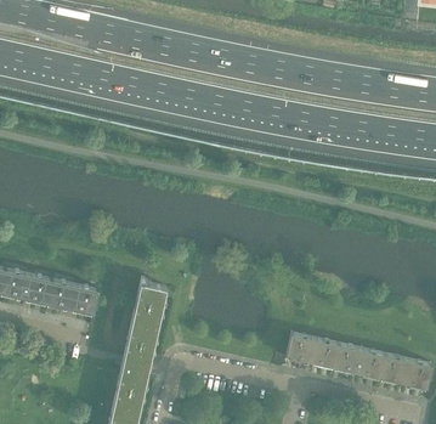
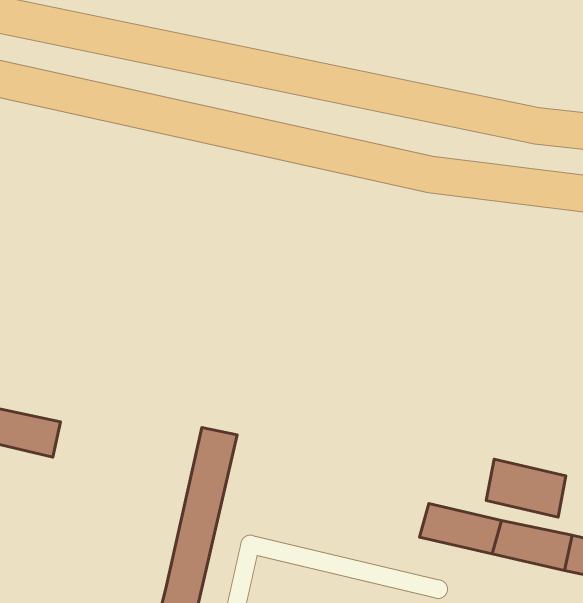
building: [44,278,96,311] -> none
building: none -> [486,459,566,517]

